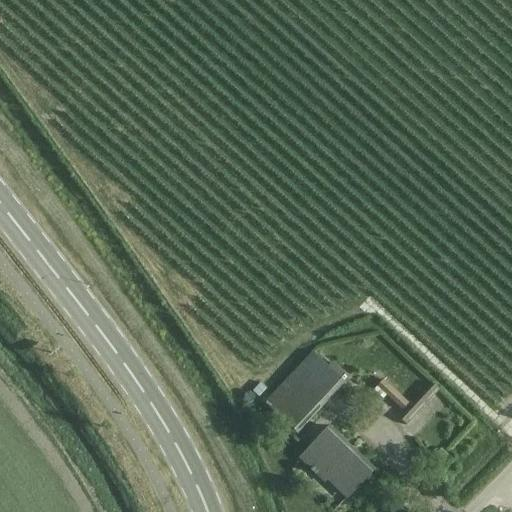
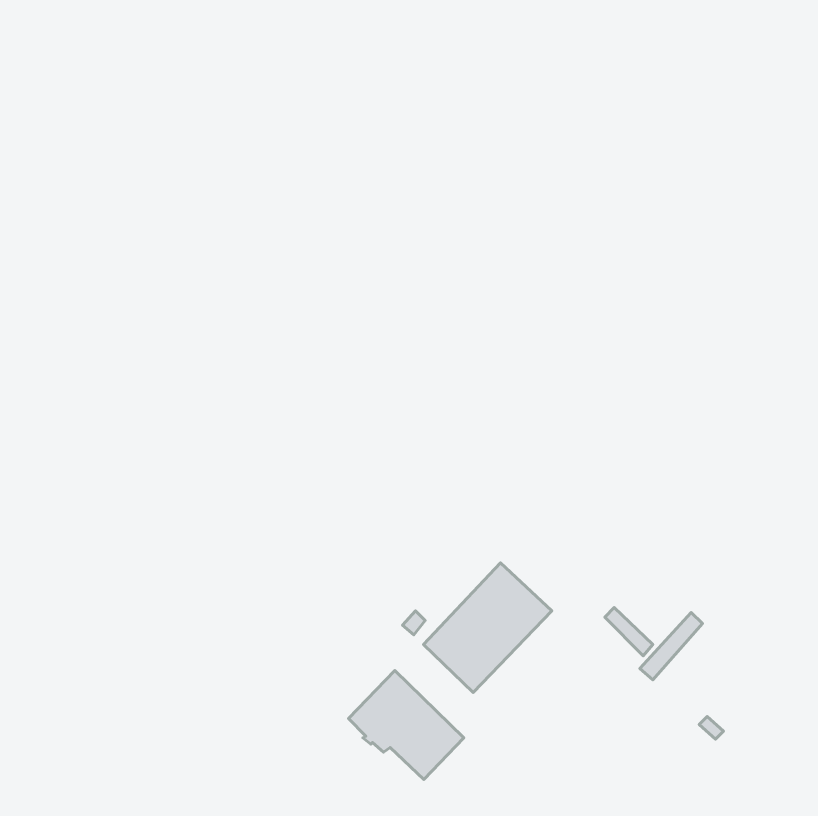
building: [300,427,372,495] -> [348,670,464,779]

